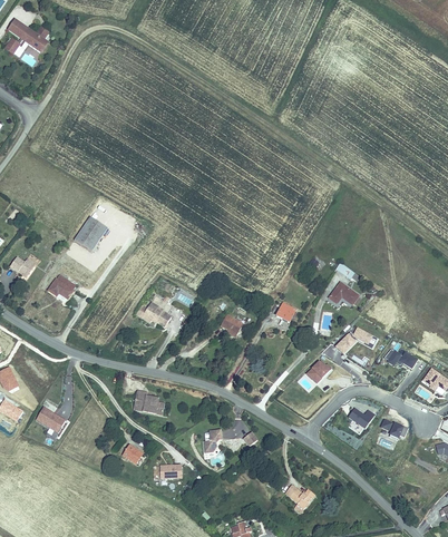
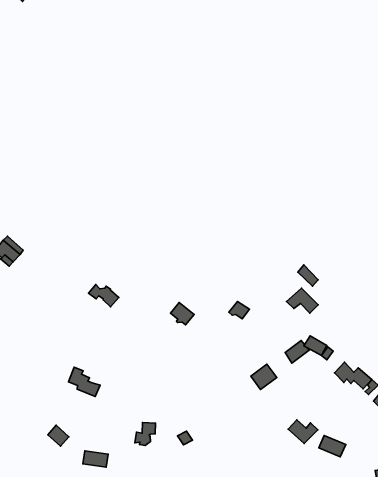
building: [74,216,107,251] -> none

